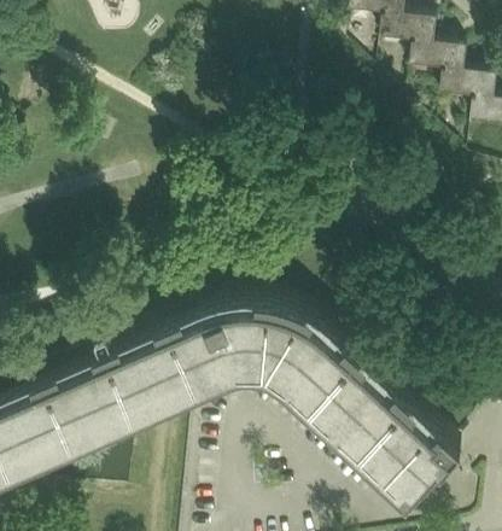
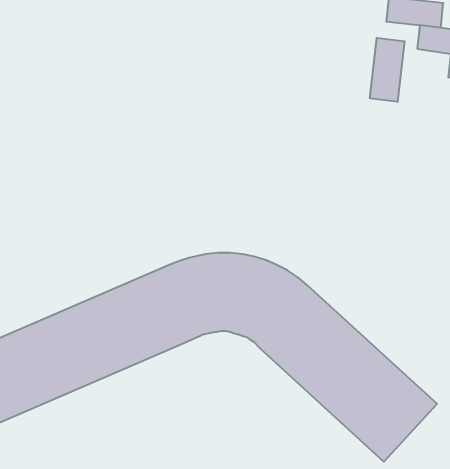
building: none -> [370,38,405,102]

